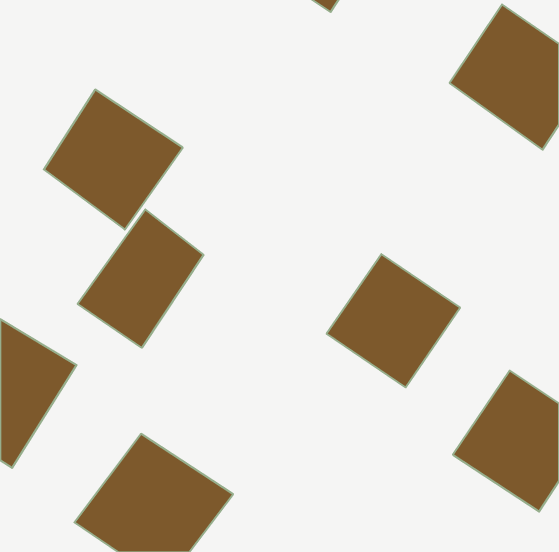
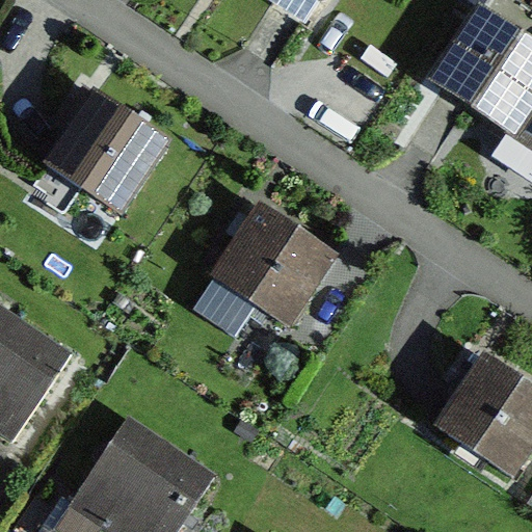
building: [78,209,203,348] -> none
building: [327,254,460,387] -> [209,206,336,332]

